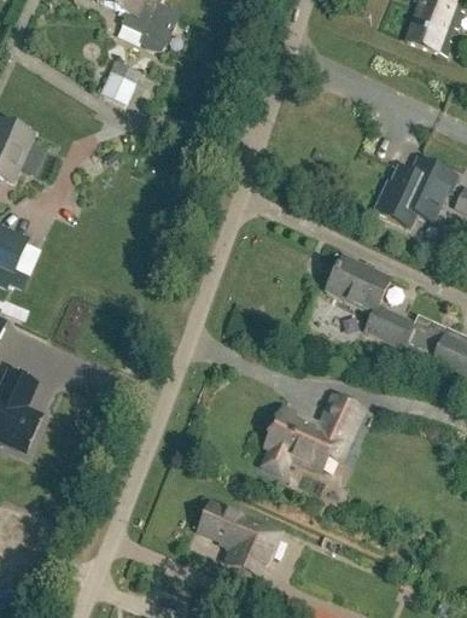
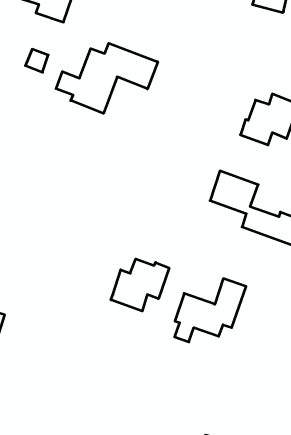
building: none -> [56,43,158,113]
building: none -> [111,259,169,311]
building: [199,502,279,577] -> none

